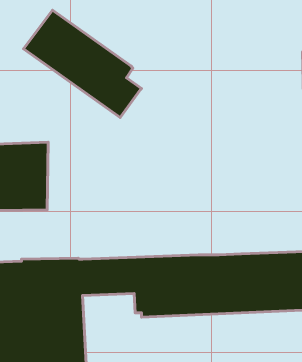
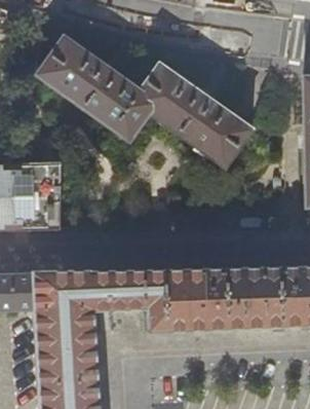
building: none -> [137,63,254,166]

